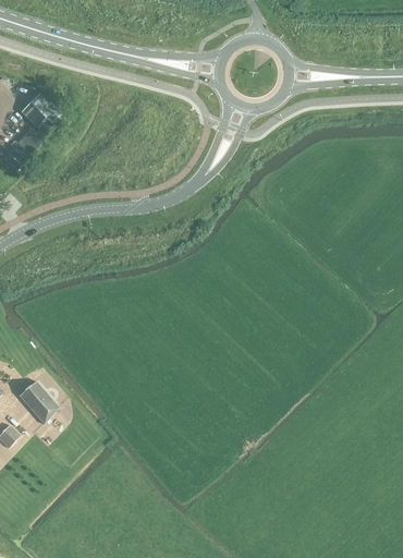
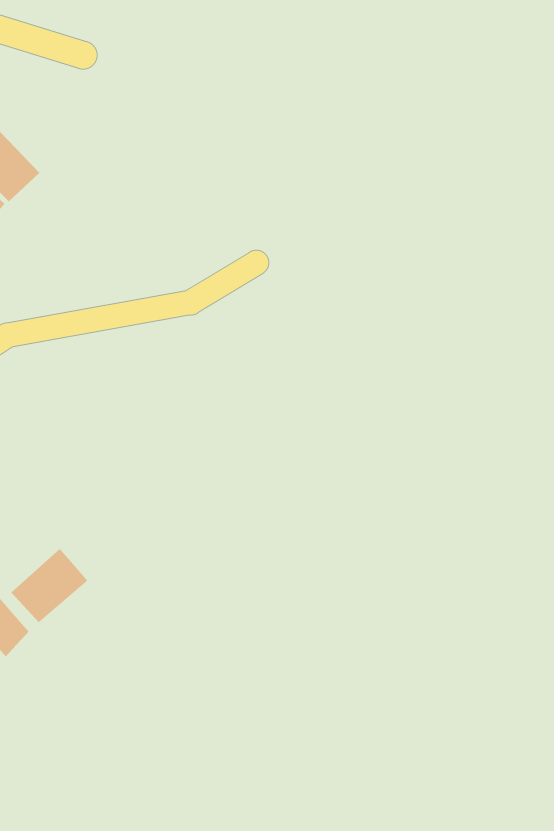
building: none -> [10,548,88,623]

